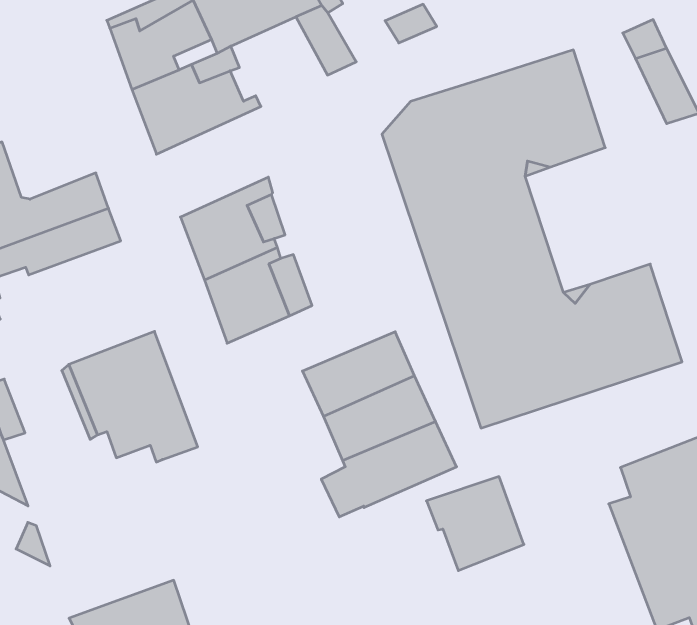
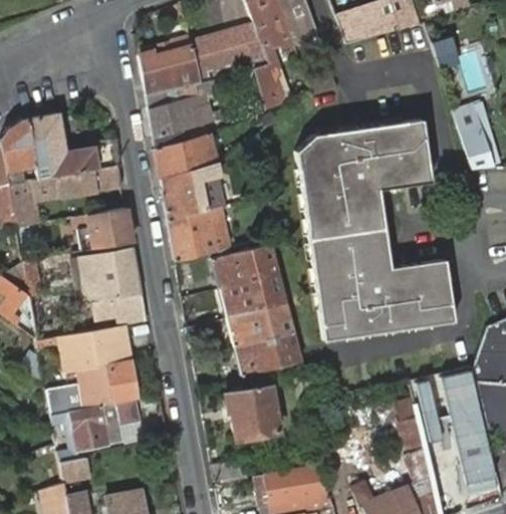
building: none -> [156,133,220,179]
building: none -> [87,207,133,250]
building: none -> [213,243,281,286]
building: none -> [47,325,137,413]
building: [426,477,524,571] -> [226,388,281,441]

